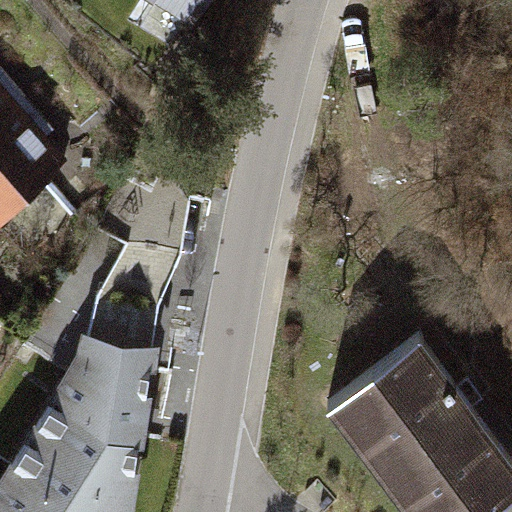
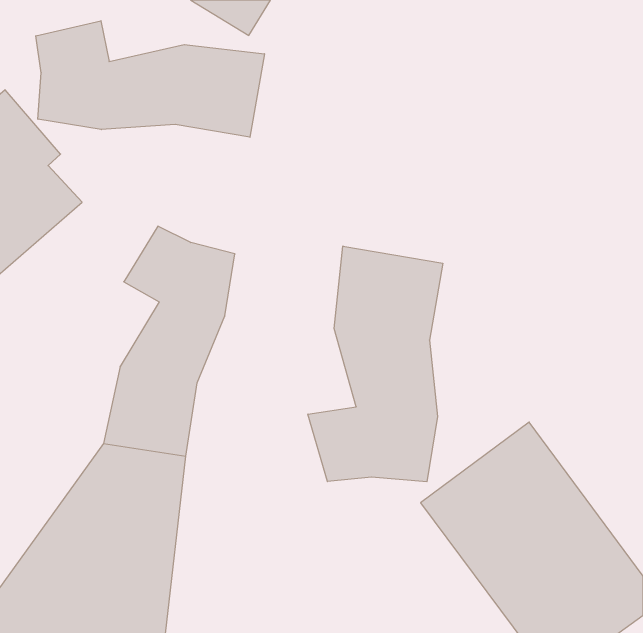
building: none -> [36,21,264,137]
building: none -> [308,246,443,482]

